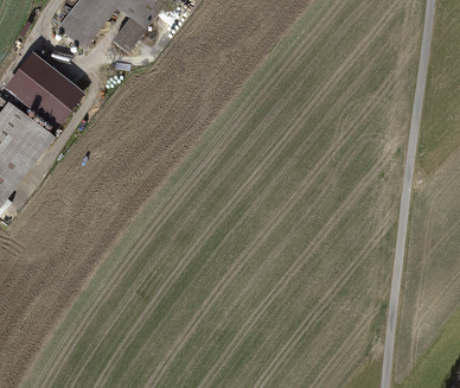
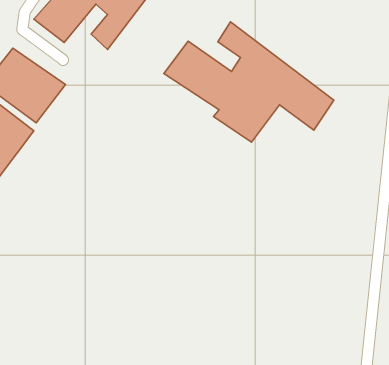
building: none -> [164,22,334,142]

